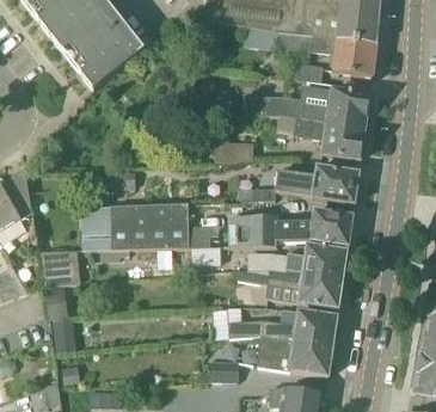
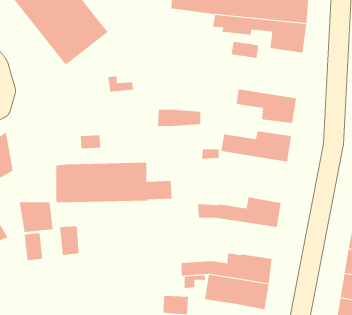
building: [244,85,370,129] -> none
building: [229,210,352,248] -> none
building: [239,270,343,309] -> none
building: [53,319,76,353] -> [59,226,80,255]

